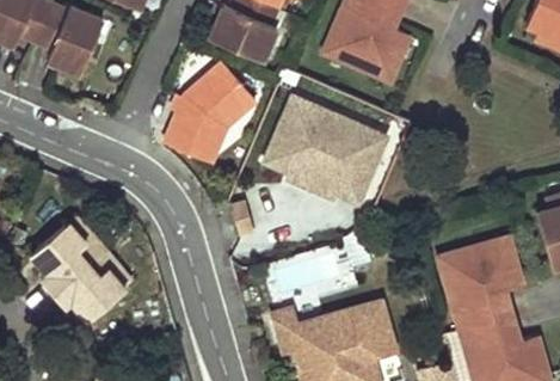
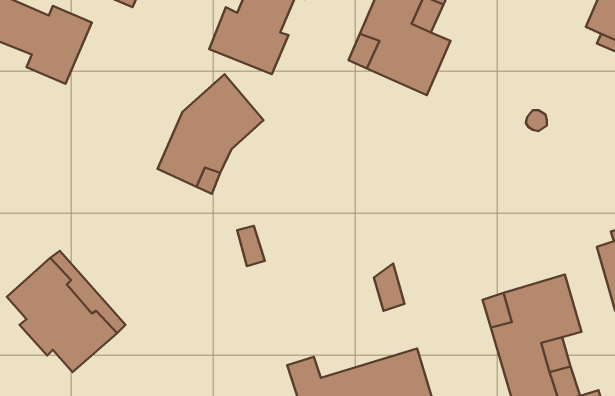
building: [257,88,394,208] -> none

